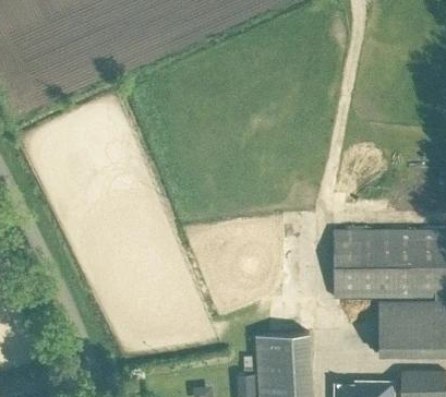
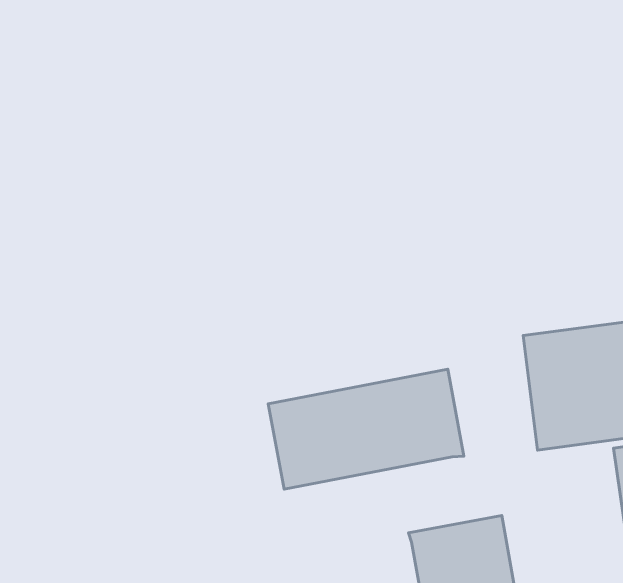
building: none -> [268,369,464,489]

